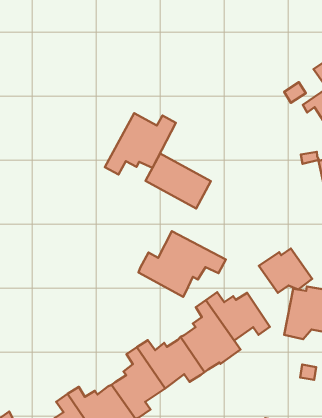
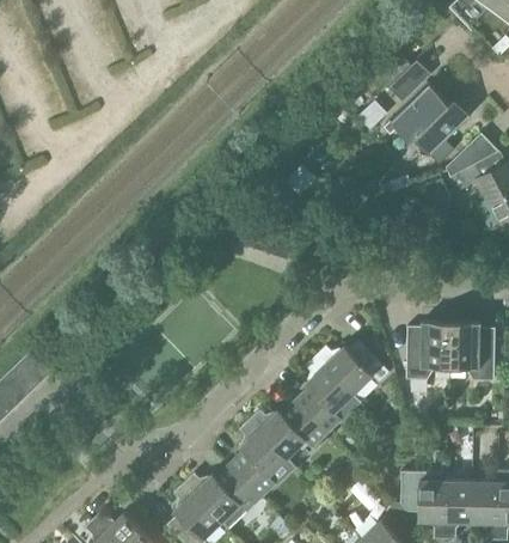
building: [105,113,176,175] -> none
building: [139,231,226,297] -> none
building: [259,248,312,293] -> none

